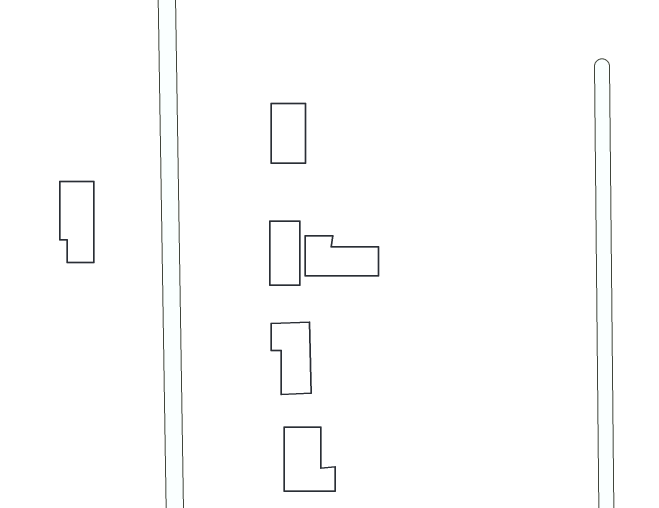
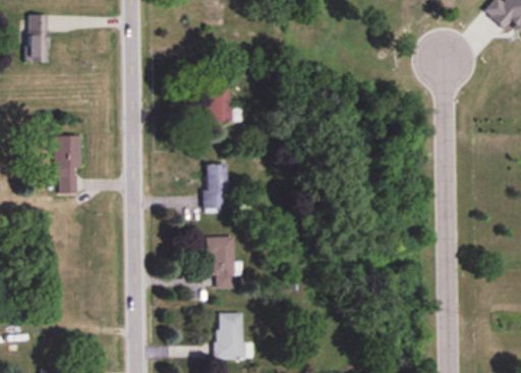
building: none -> [26,14,48,63]
building: [305,236,378,276] -> none

